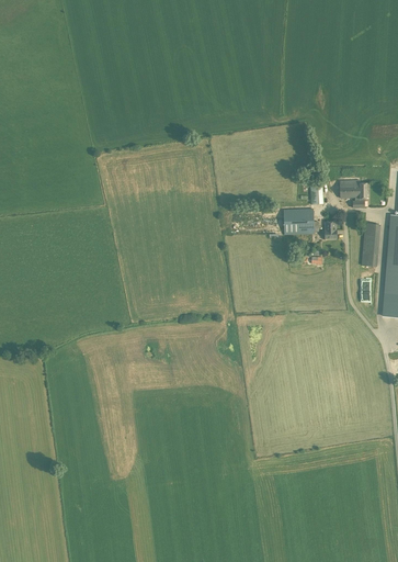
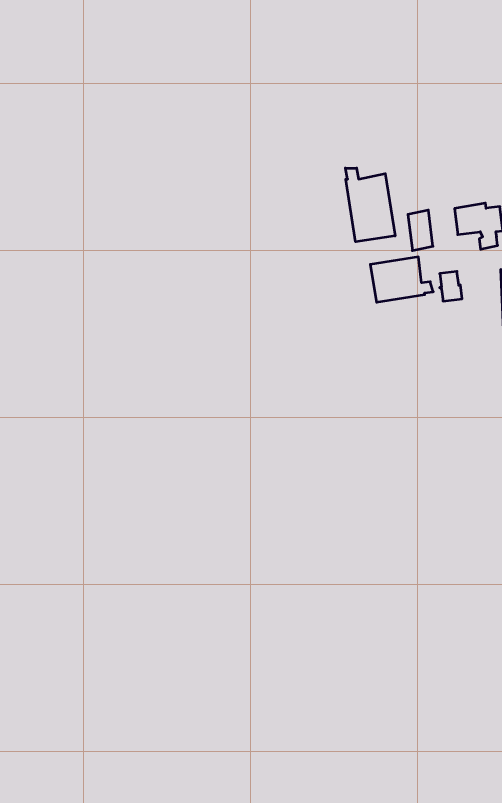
building: none -> [345,168,395,242]

